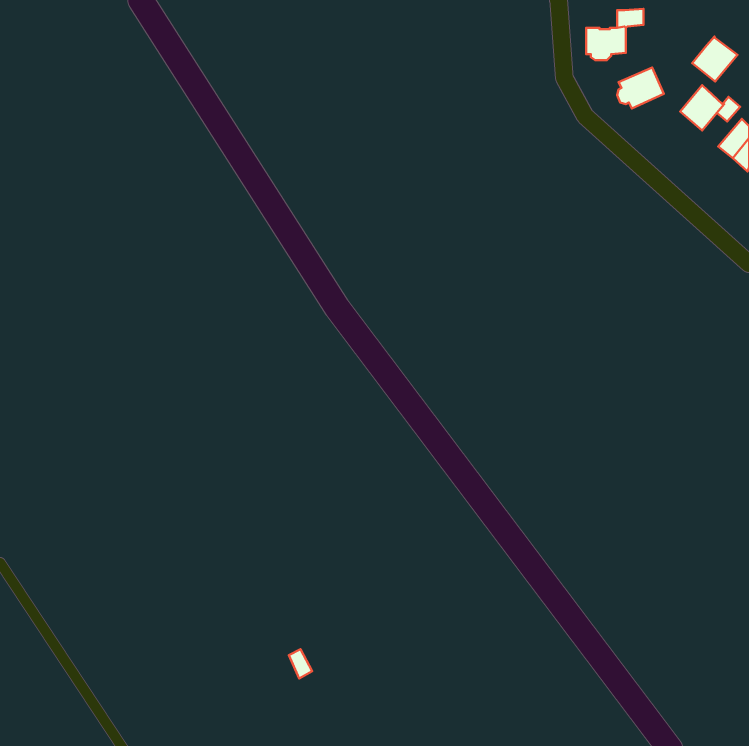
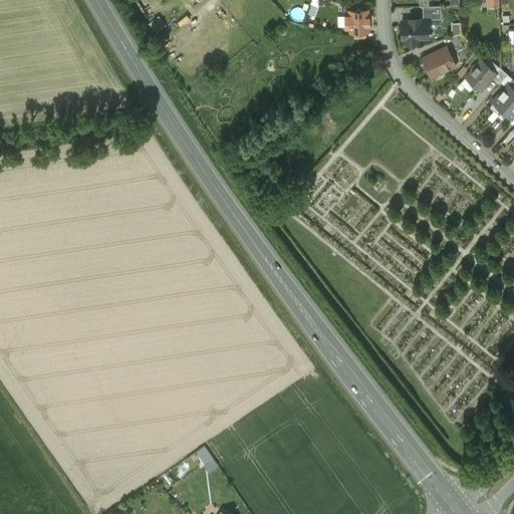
building: none -> [346,8,370,34]
building: [692,36,738,82] -> none

